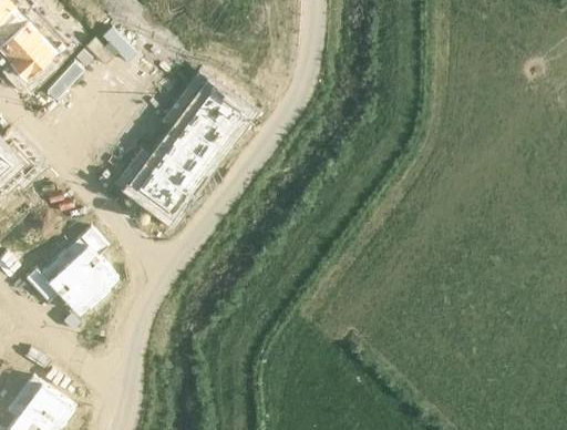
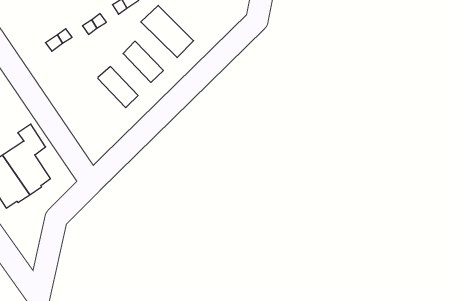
building: [171,98,225,144] -> none
building: [157,133,202,174] -> none
building: [122,156,182,209] -> none

